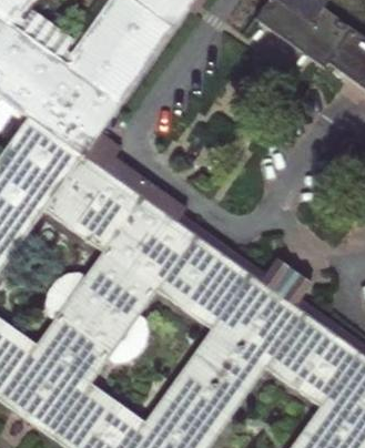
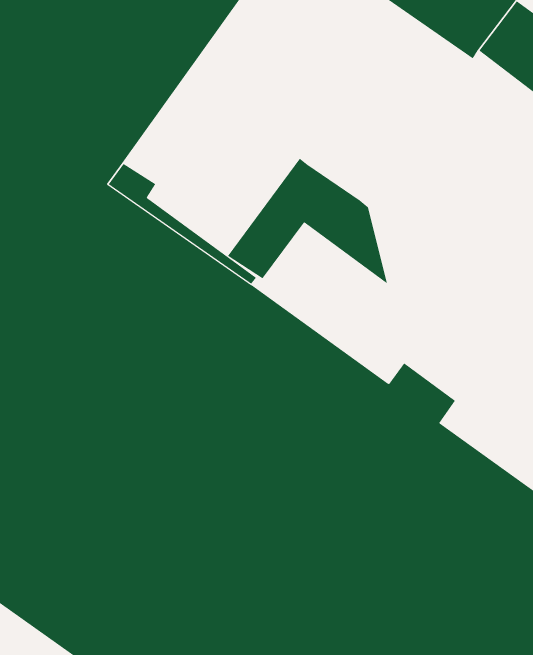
building: none -> [227,158,388,285]

